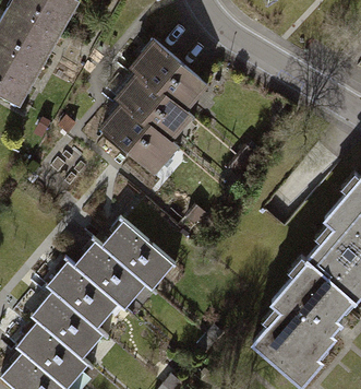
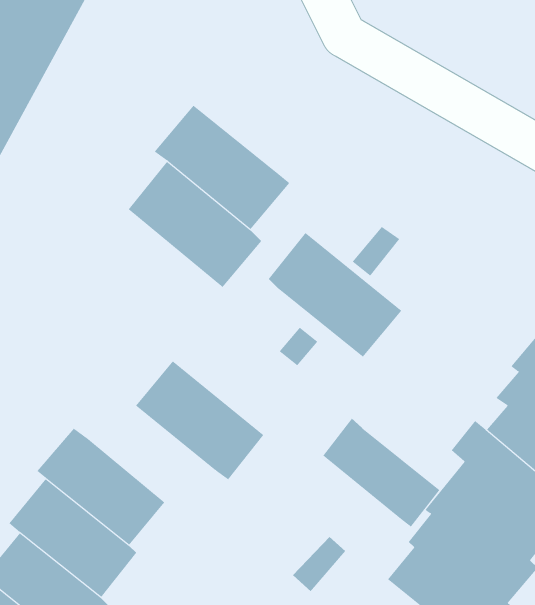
building: [130,38,208,111] -> [268,232,402,357]
building: [74,241,148,310] -> none
building: none -> [323,418,440,528]

